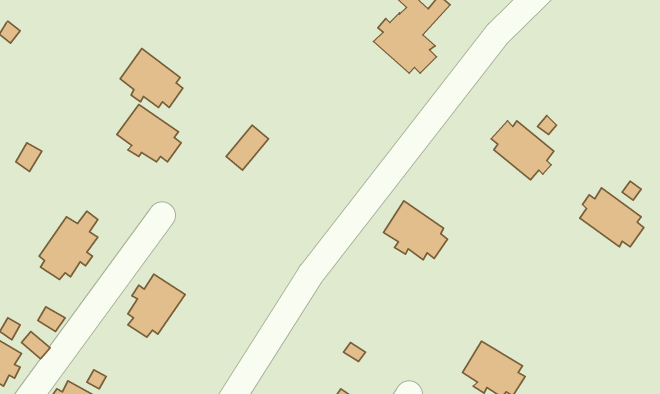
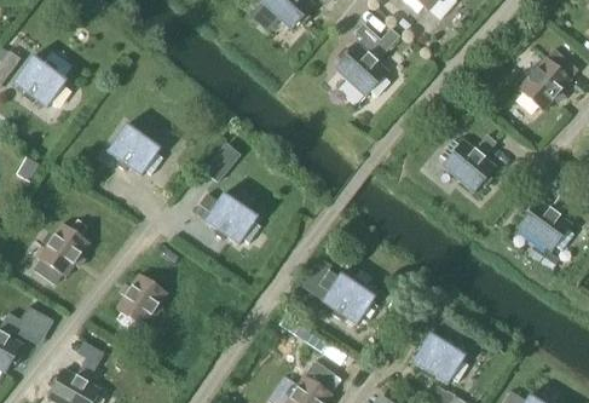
building: none -> [516,46,578,110]
building: [120,49,183,107] -> [13,53,69,105]
building: none -> [202,191,260,242]
building: [383,201,448,260] -> [322,271,379,323]

